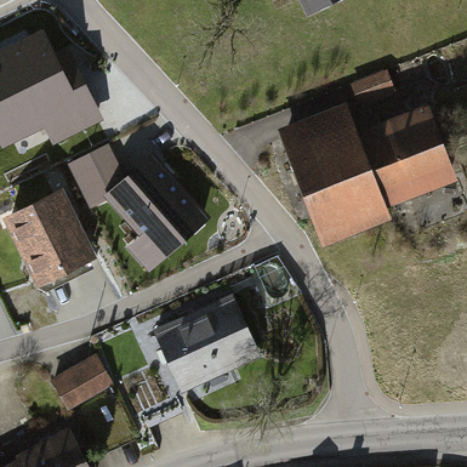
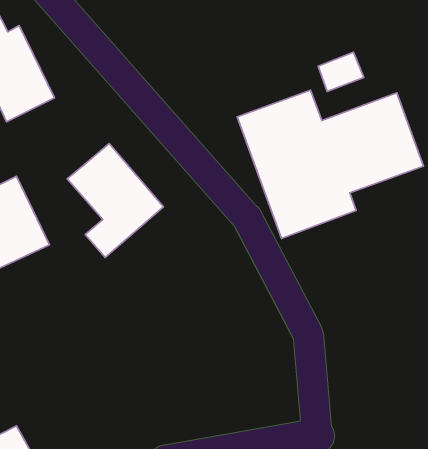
building: [69,144,126,205] -> none
building: [153,297,261,394] -> none
building: [52,359,109,409] -> none

